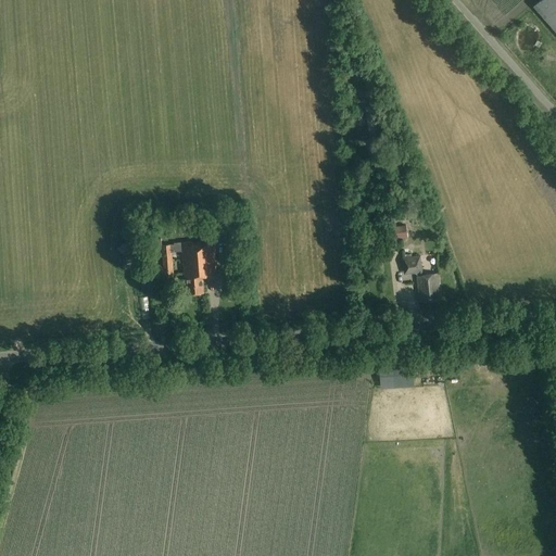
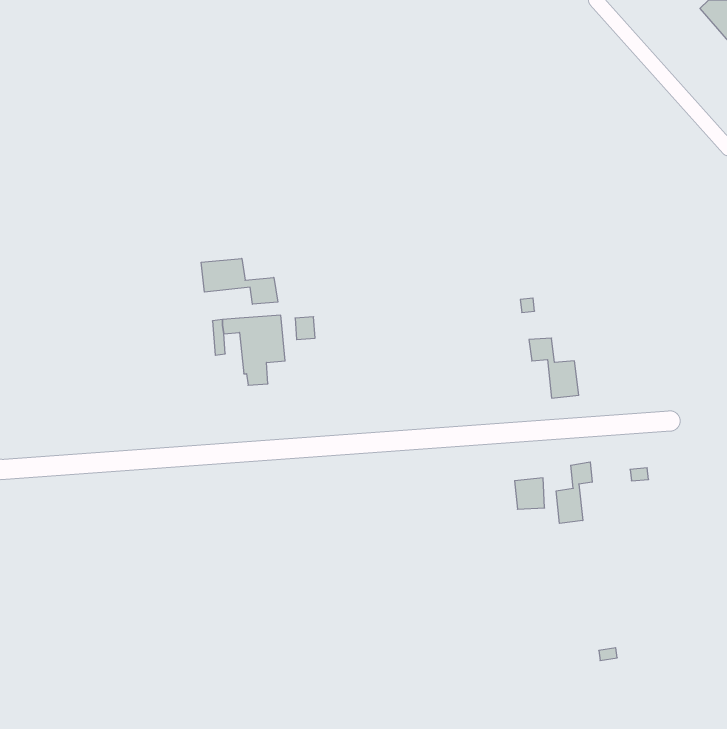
building: none -> [201,258,278,304]
building: none -> [556,462,592,523]

